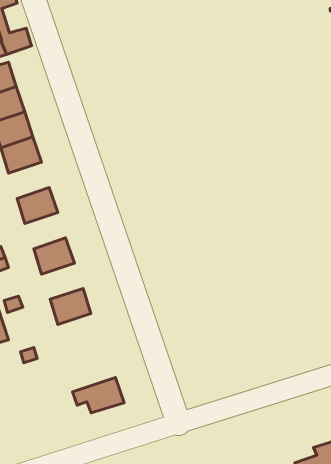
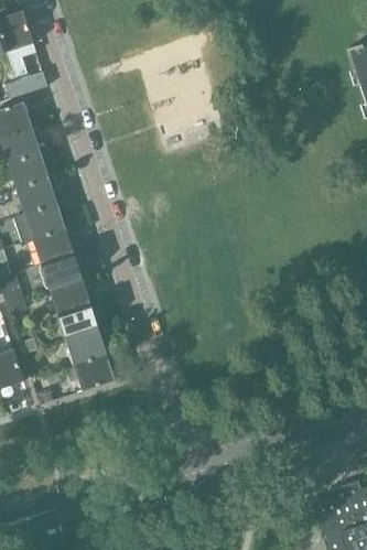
building: none -> [24,202,65,238]
building: none -> [41,252,82,289]
building: none -> [57,303,99,339]
building: [73,378,124,413] -> [64,354,116,389]

